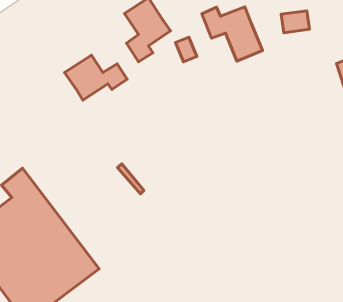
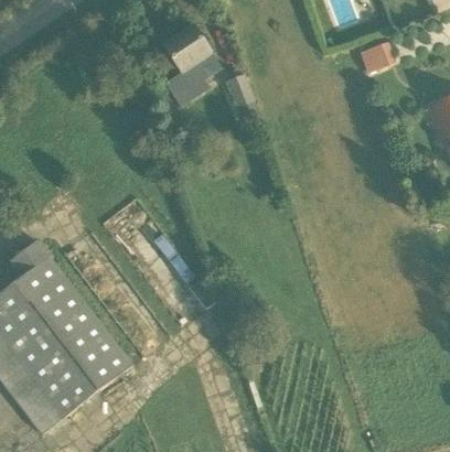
building: [202,7,263,61] -> none
building: [65,55,127,100] -> none

